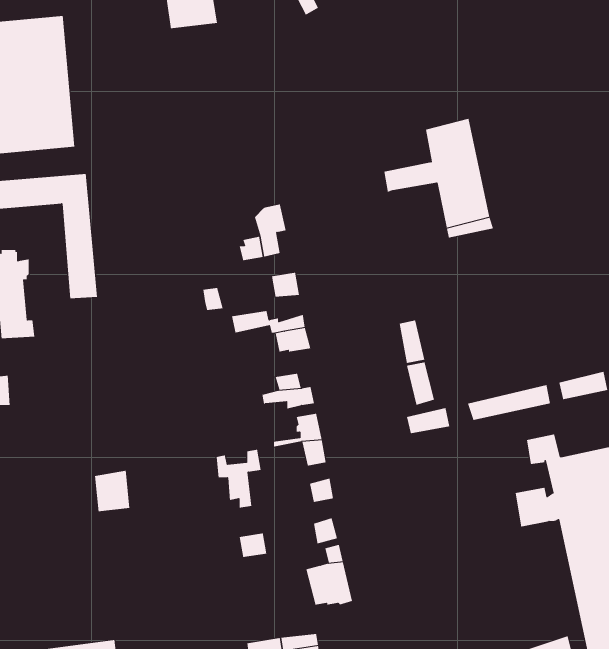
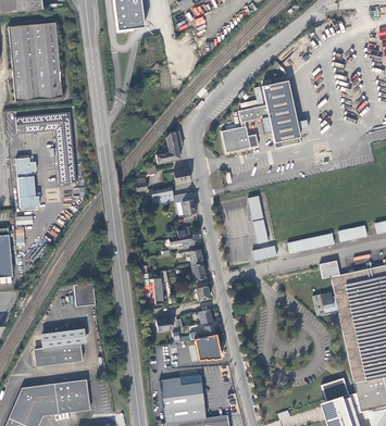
building: none -> [222,127,257,153]
building: none -> [34,329,85,365]

